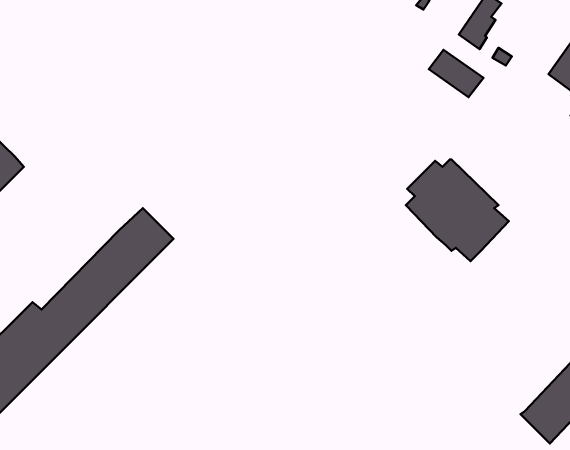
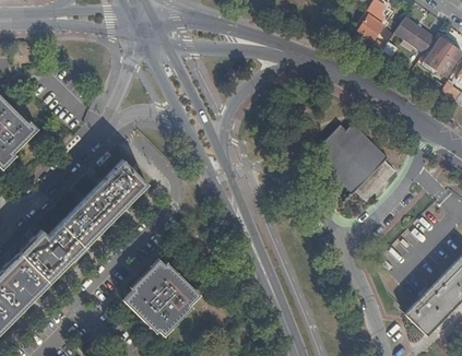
building: [429,50,483,97] -> [395,17,436,52]
building: none -> [122,259,199,335]

